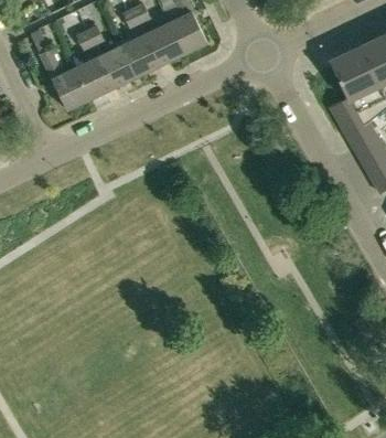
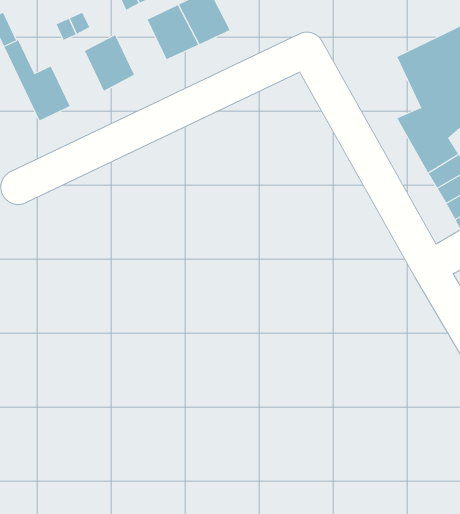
building: [122,33,160,74] -> none
building: [75,56,114,97] -> none

